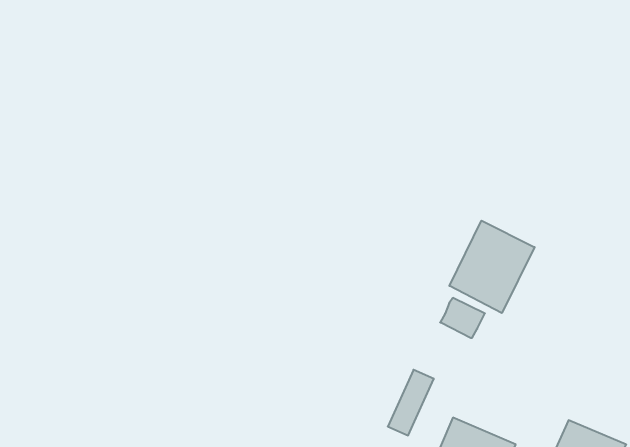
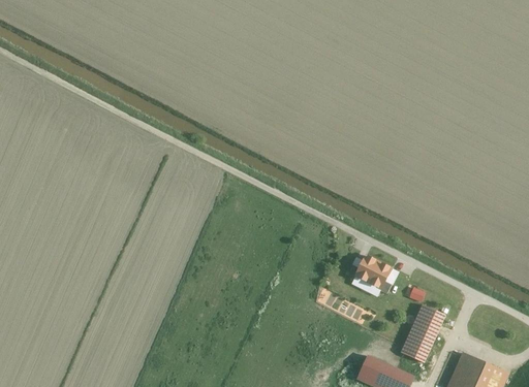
building: [449,221,535,313] -> none
building: [388,370,434,435] -> [401,308,438,360]

